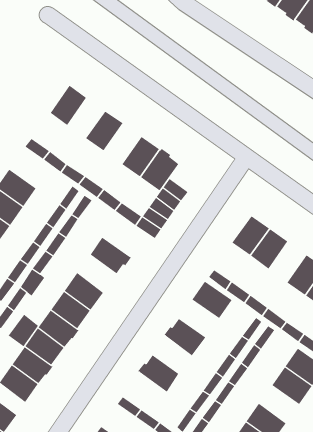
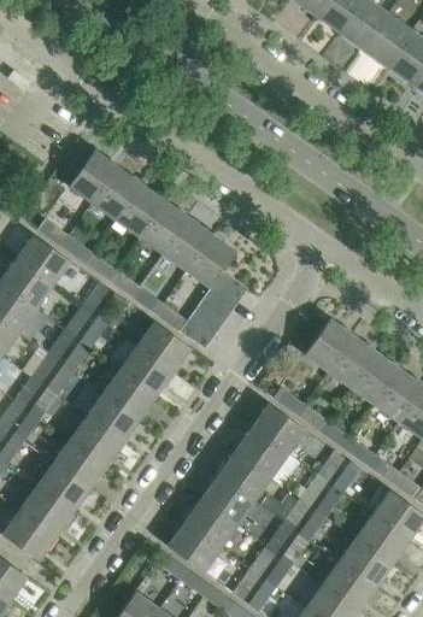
building: none -> [92,168,140,219]
building: none -> [139,200,187,253]
building: none -> [16,236,69,284]
building: none -> [136,322,190,372]
building: none -> [352,353,400,406]
building: none -> [104,370,155,419]
building: none -> [235,428,288,477]
building: [8,314,39,347] -> none
building: none -> [201,475,253,524]
building: none -> [168,522,221,572]
building: none -> [339,539,394,588]

